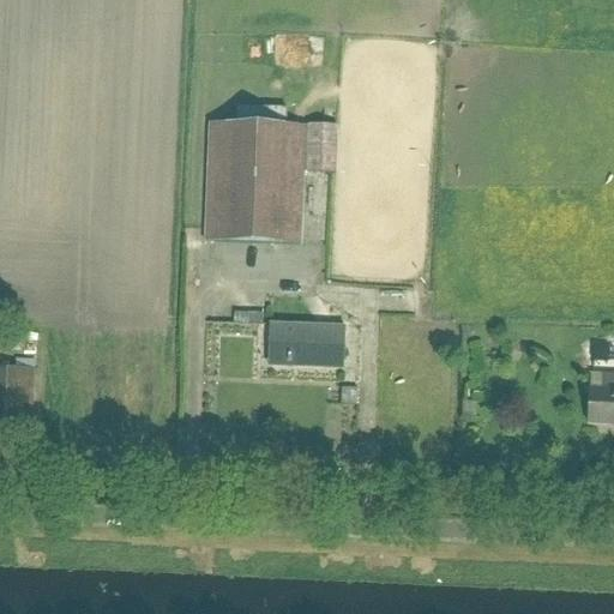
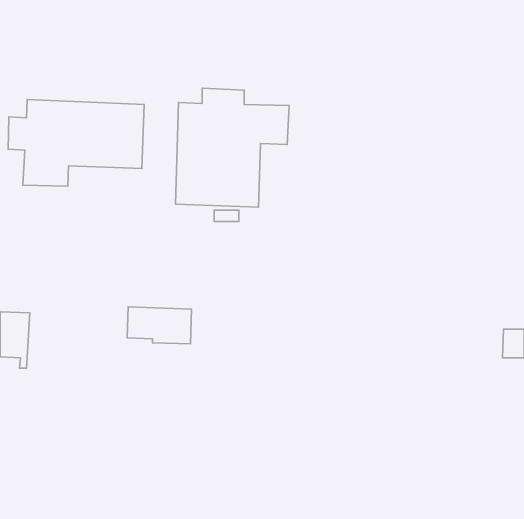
building: none -> [8,100,144,186]
building: [267,319,343,362] -> [127,307,192,344]

